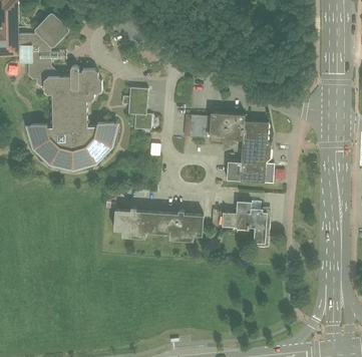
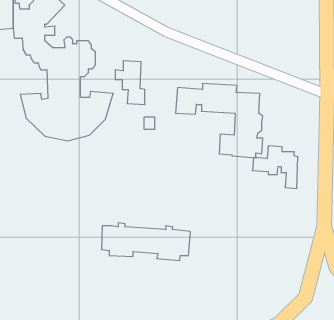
building: [221,201,267,244] -> [252,146,298,188]
building: [112,204,203,242] -> [101,223,190,260]

